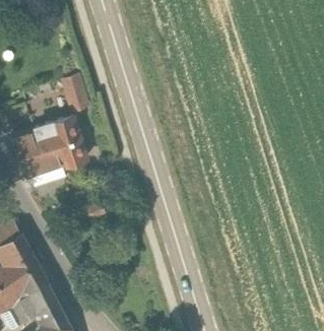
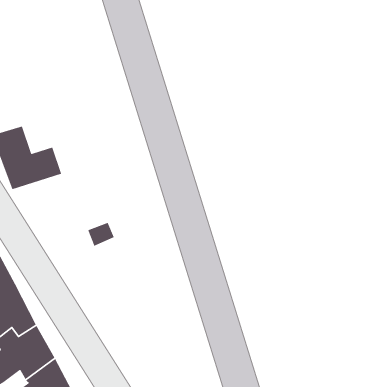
building: [62,75,87,111] -> none
building: [35,115,86,164] -> none

